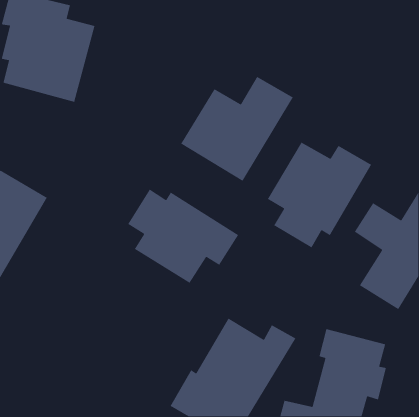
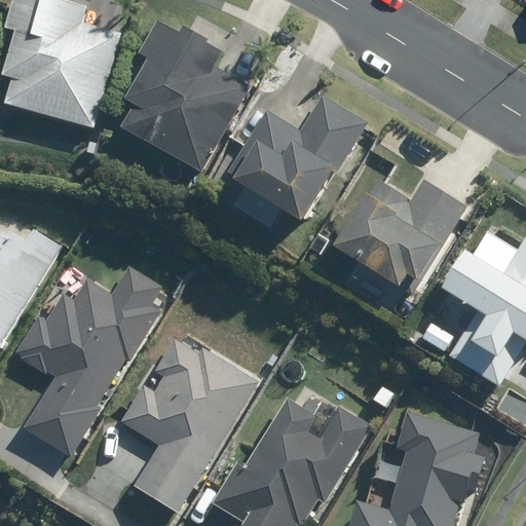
building: none -> [122,21,252,173]
building: [127,189,239,284] -> none
building: none -> [15,265,162,455]
building: none -> [119,339,258,513]

